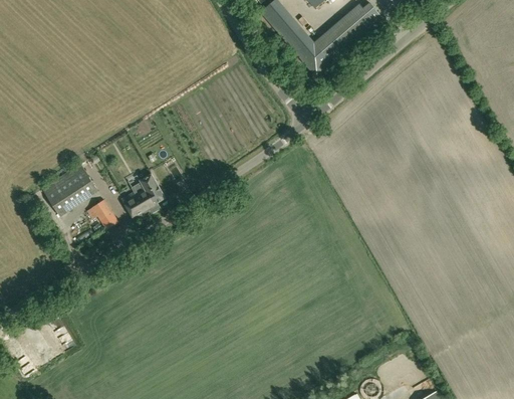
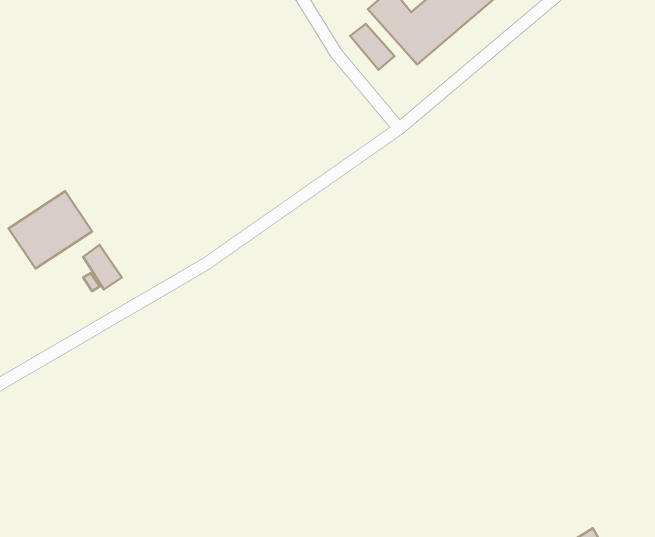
building: none -> [350,24,395,70]
building: [120,172,164,220] -> none

